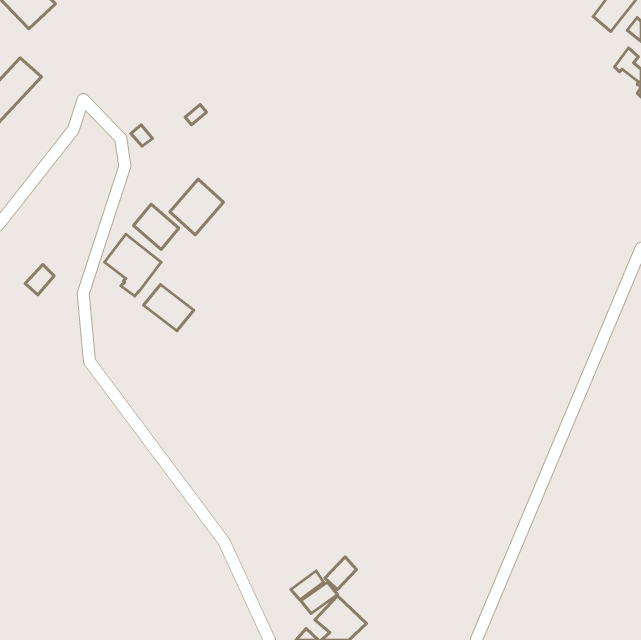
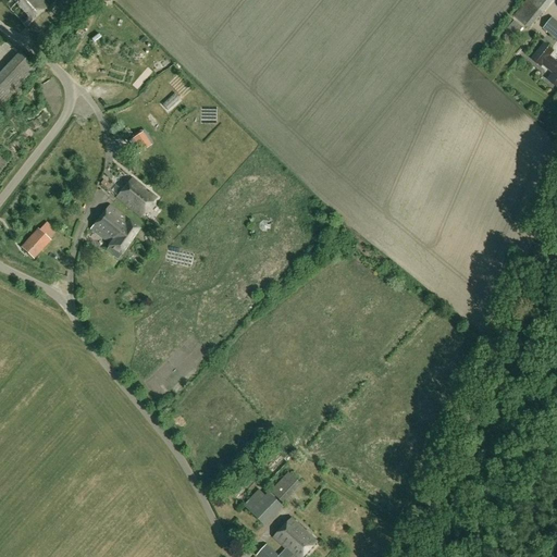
building: [170,179,224,235] -> none
building: [144,285,194,331] -> none

